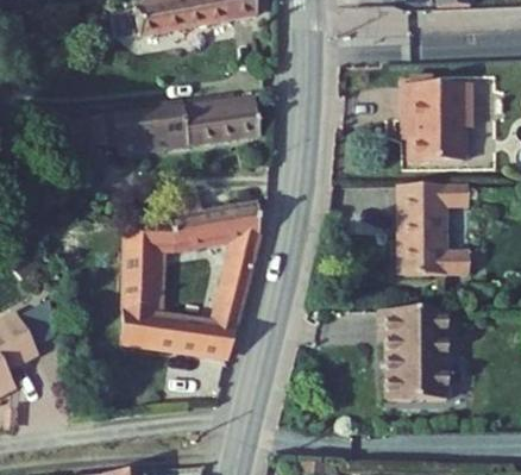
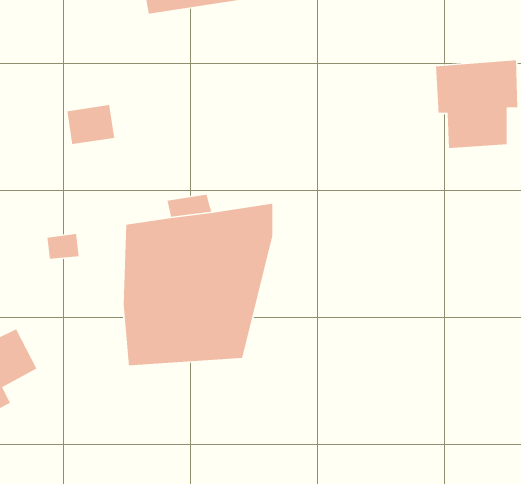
building: [131,93,259,149] -> none
building: [403,188,473,276] -> none
building: [382,313,452,401] -> none

